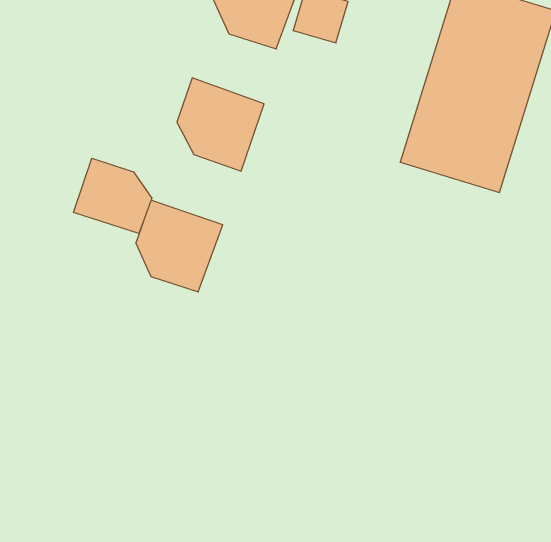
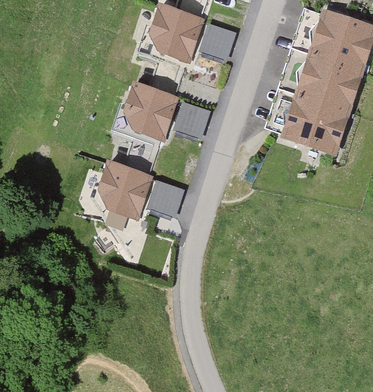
building: none -> [174,102,210,138]
building: [73,158,152,234] -> none
building: none -> [149,180,185,215]

